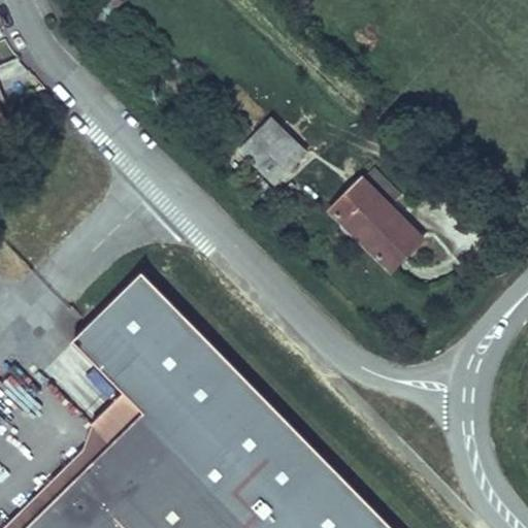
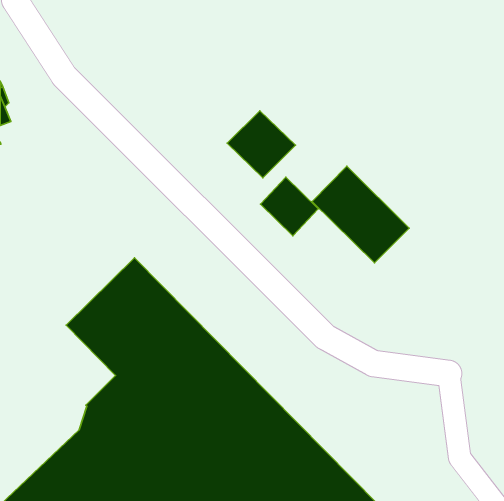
building: none -> [260,177,318,236]

